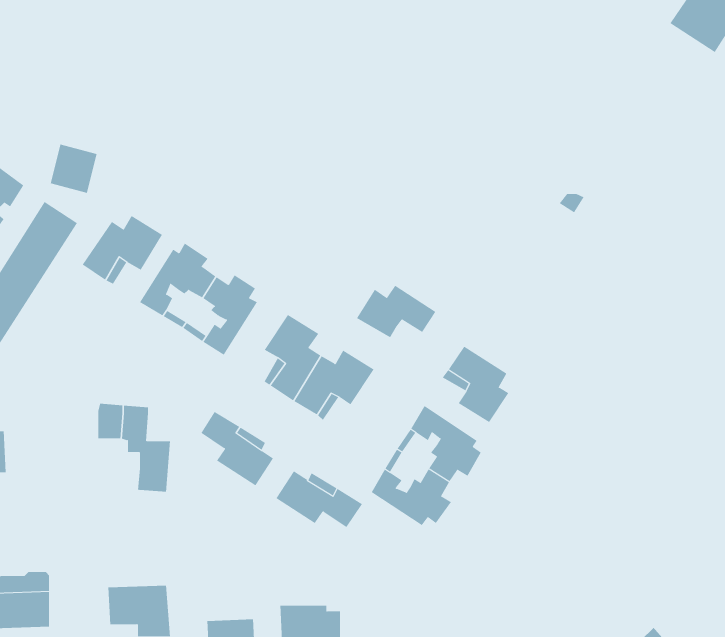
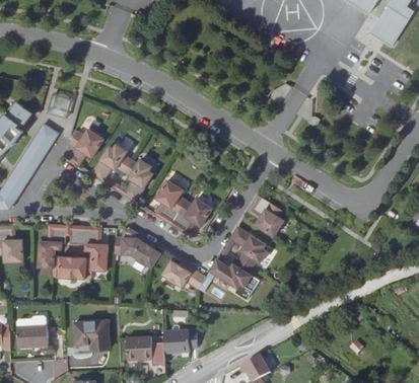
building: [356,285,436,338] -> none
building: none -> [38,224,65,267]
building: none -> [58,256,86,279]

